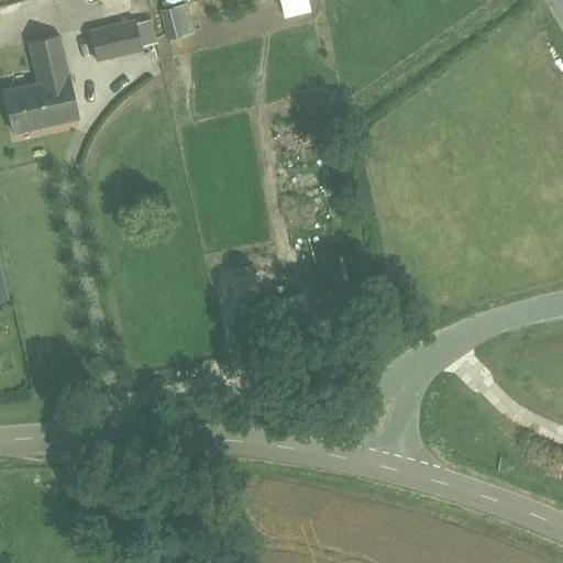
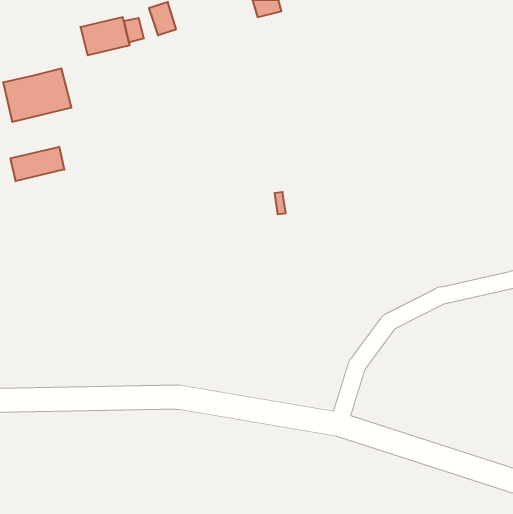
building: [27,35,67,82] -> none
building: none -> [10,147,64,181]

